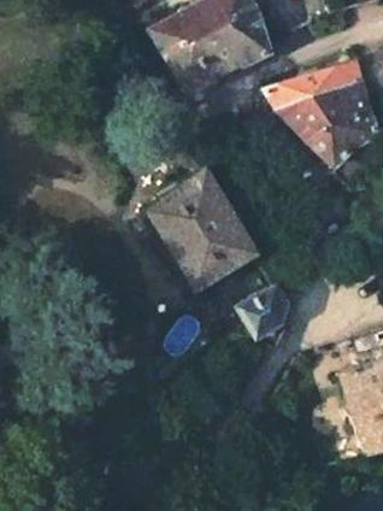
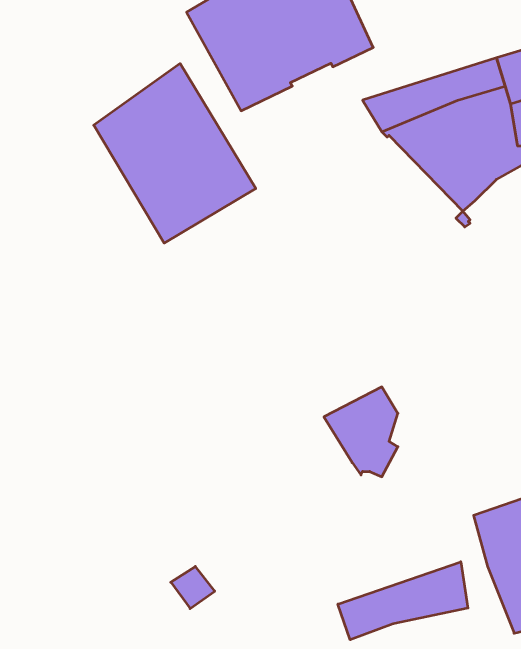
building: [146,168,257,290] -> [94,64,256,243]
building: none -> [338,562,468,640]

